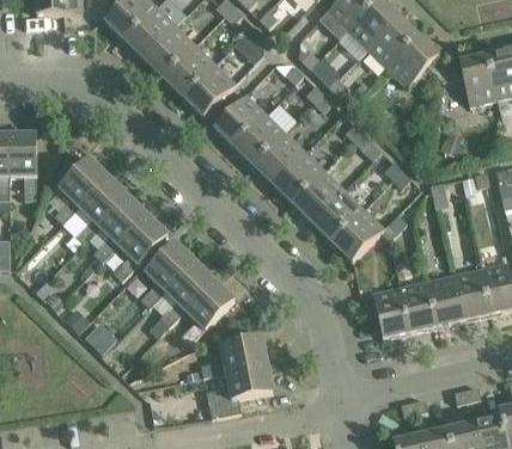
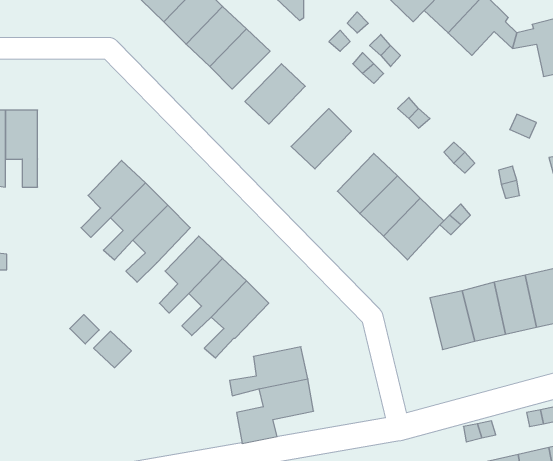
building: [233,112,285,164] -> none
building: [273,150,323,202] -> none
building: [54,156,108,222] -> none

